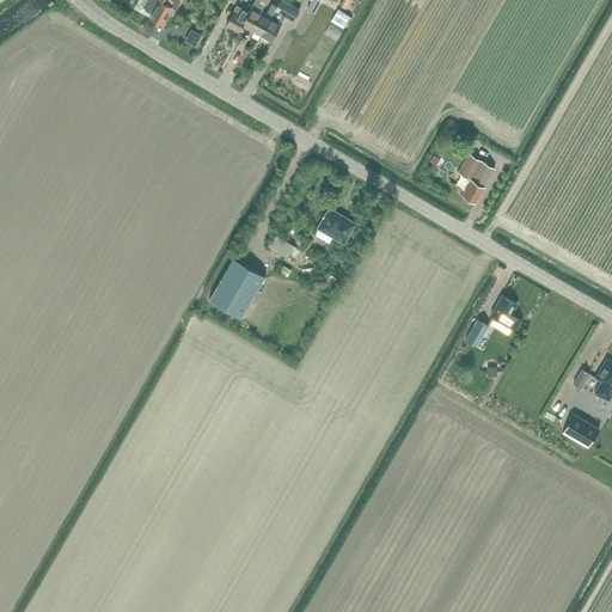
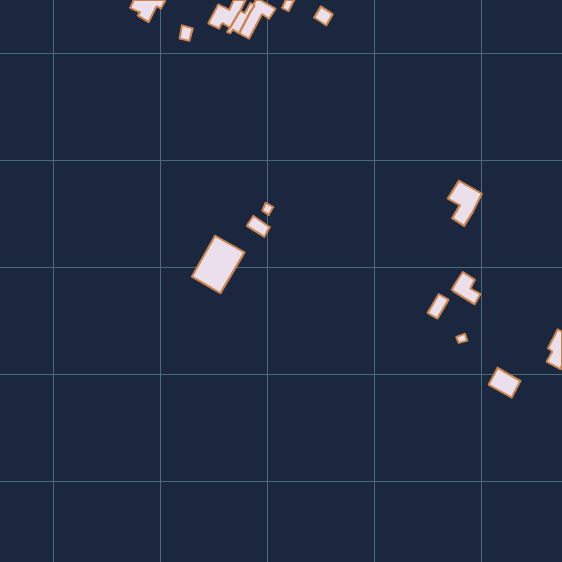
building: [457,154,494,203] -> [448,181,482,226]
building: [314,209,355,244] -> none
building: [564,414,599,446] -> [489,368,521,398]

